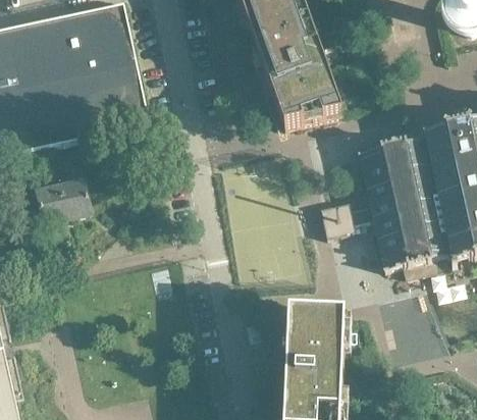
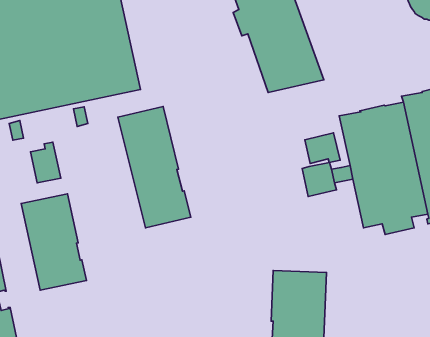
building: none -> [118,106,191,228]
building: none -> [305,133,340,163]
building: [58,173,91,213] -> none
building: none -> [21,194,86,290]

